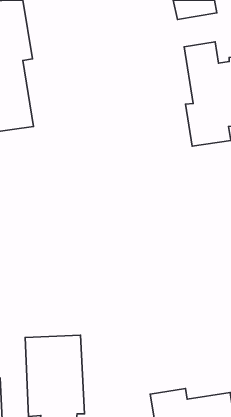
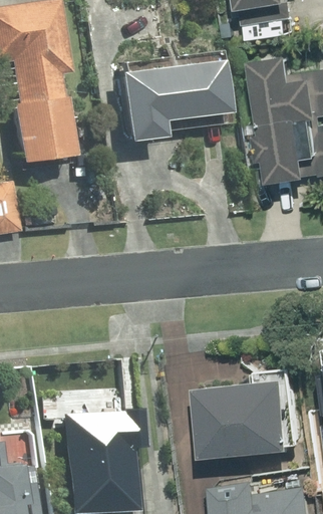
building: none -> [118,61,224,142]
building: none -> [202,372,297,452]

